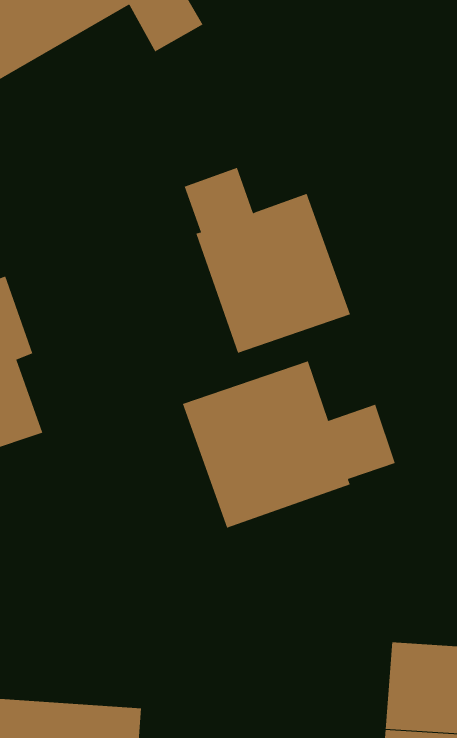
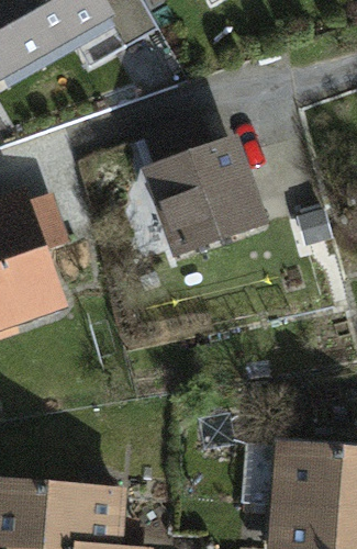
building: [182,360,396,528] -> none

